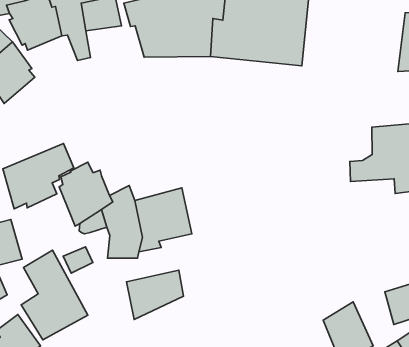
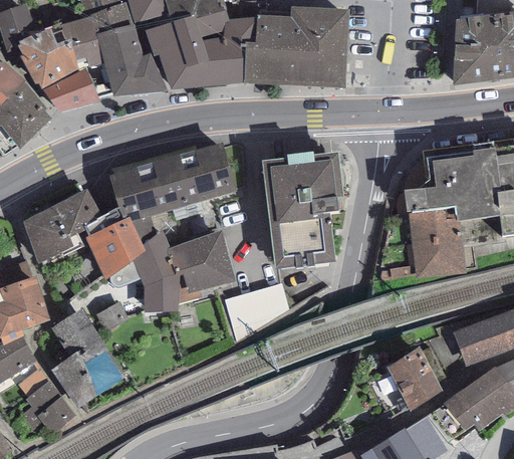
building: none -> [104,52,167,95]
building: none -> [41,69,99,111]
building: none -> [109,142,236,222]
building: none -> [265,160,339,263]
building: none -> [407,206,466,277]
building: [126,270,184,320] -> [224,283,288,340]

